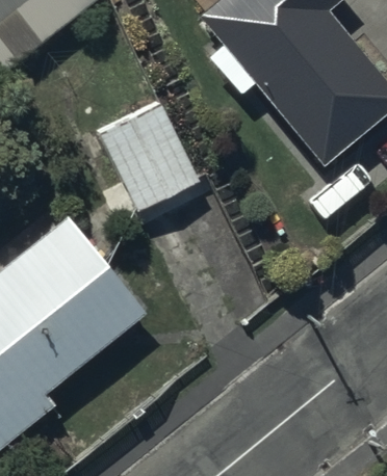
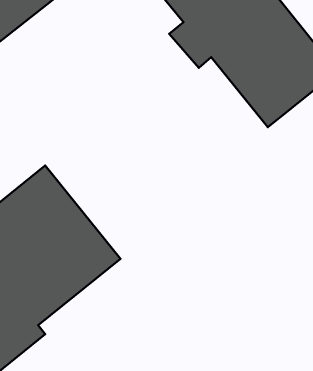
building: [98,97,199,209] -> none

